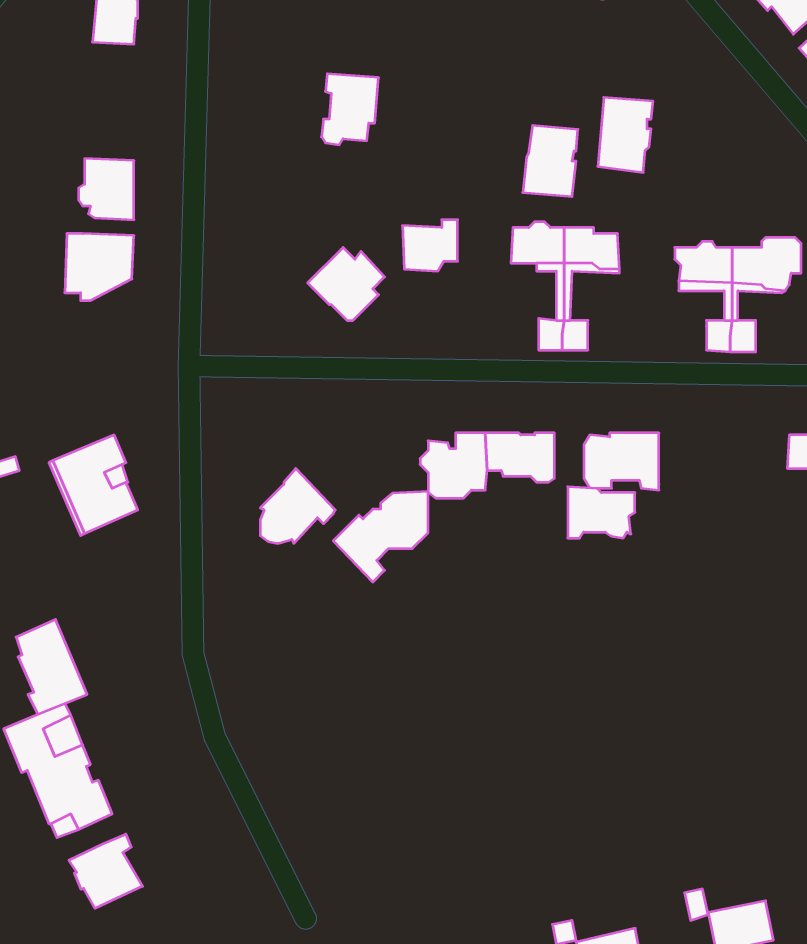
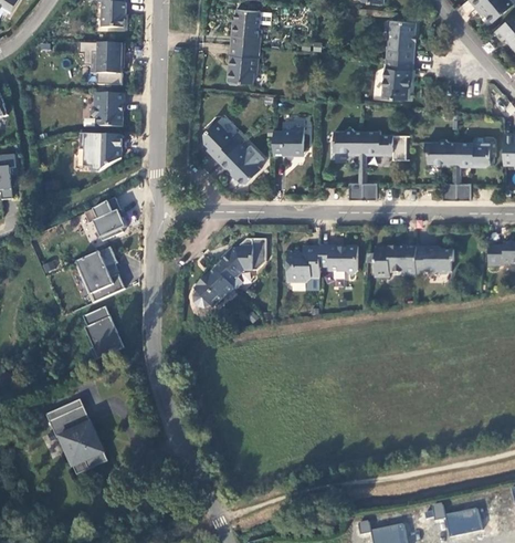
building: none -> [230,8,260,46]
building: none -> [77,42,124,85]
building: [523,125,578,197] -> [385,20,416,60]
building: none -> [202,121,238,161]
building: none -> [84,198,125,241]
building: [568,487,635,538] -> [416,246,453,274]
building: [333,491,428,582] -> [212,238,265,289]
building: [16,619,87,714] -> [83,305,123,358]
building: [69,834,143,908] -> none

